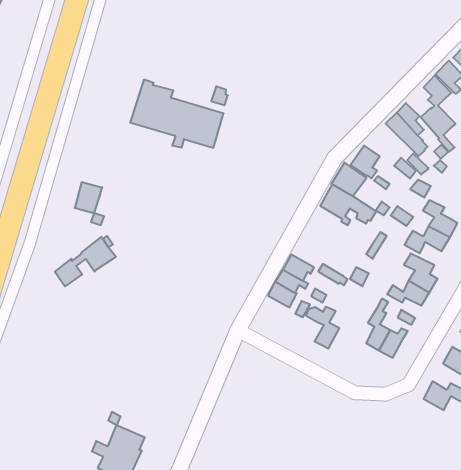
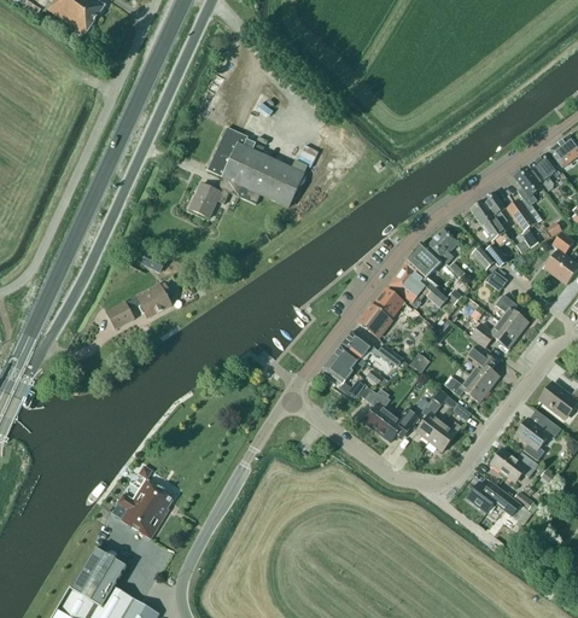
building: [75,182,102,213] -> [189,183,221,217]
building: none -> [358,288,404,338]
building: none -> [376,407,419,442]

